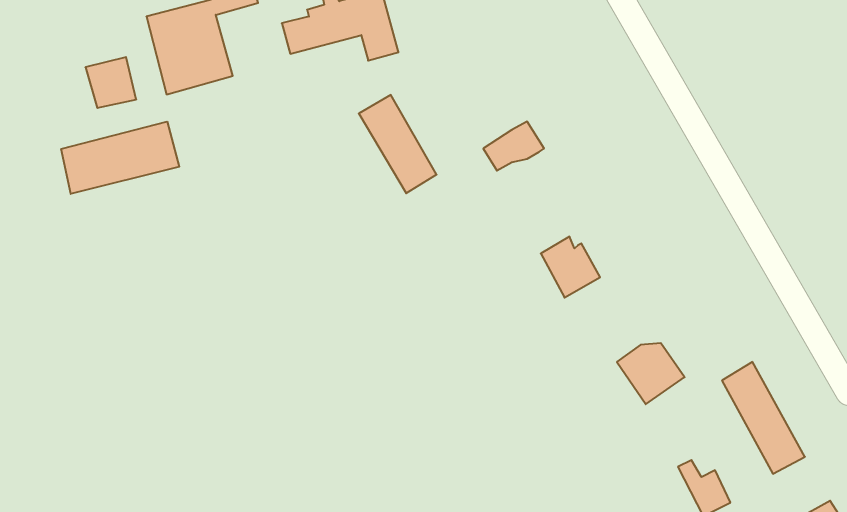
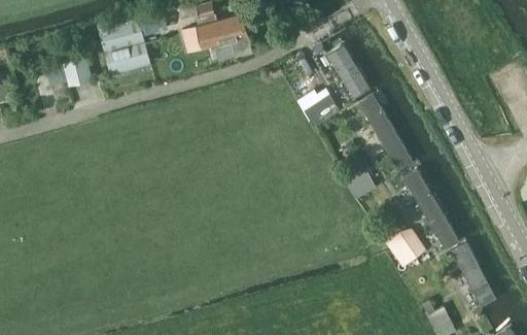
building: [359,95,437,193] -> [326,42,374,102]
building: [61,122,179,194] -> none
building: none -> [358,97,416,171]
building: none -> [402,169,458,245]

